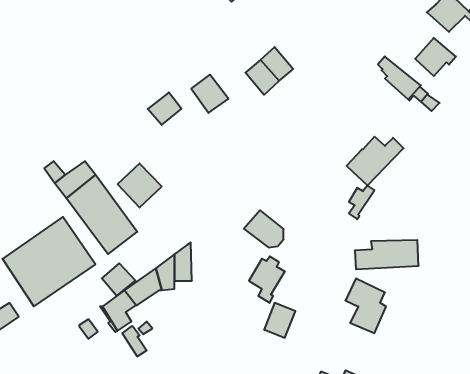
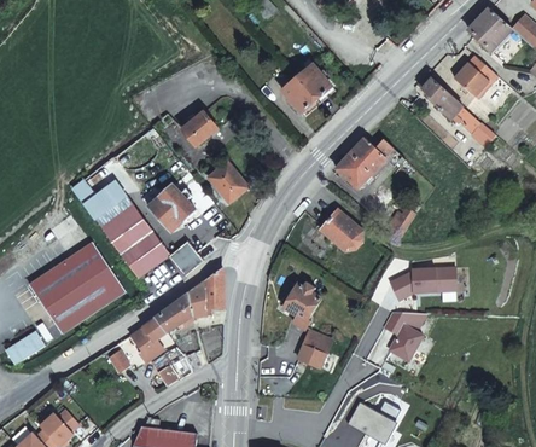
building: [191,75,228,113] -> [209,162,247,202]
building: [347,137,404,185] -> [334,138,394,188]
building: [244,210,284,247] -> [320,210,361,249]
building: [102,263,135,296] -> [168,240,203,274]

